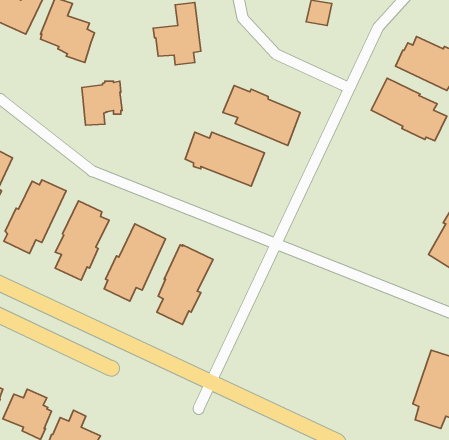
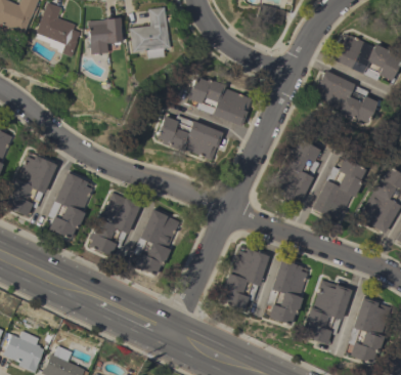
building: [82,81,122,125] -> [89,16,123,53]
building: none -> [272,138,321,205]
building: none -> [312,158,366,222]
building: none -> [222,246,269,310]
building: none -> [266,259,308,325]
building: none -> [304,280,352,344]

